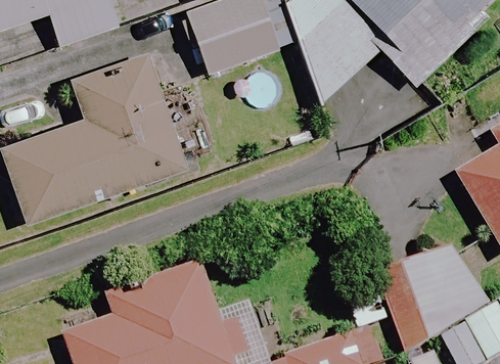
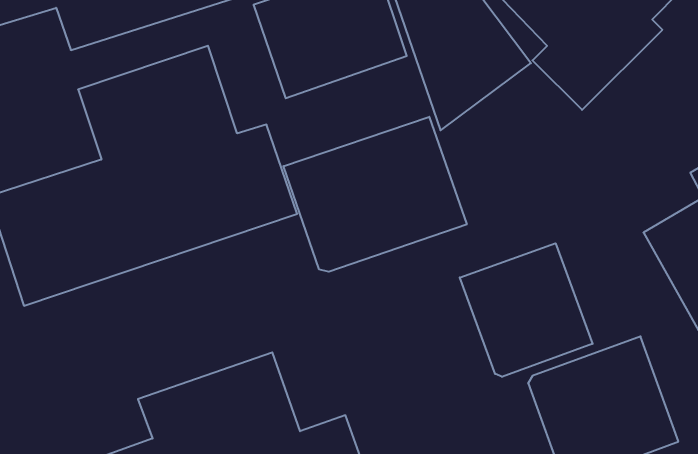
building: none -> [283,117,467,272]
building: none -> [460,243,593,377]

